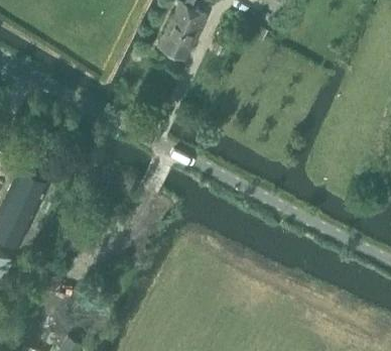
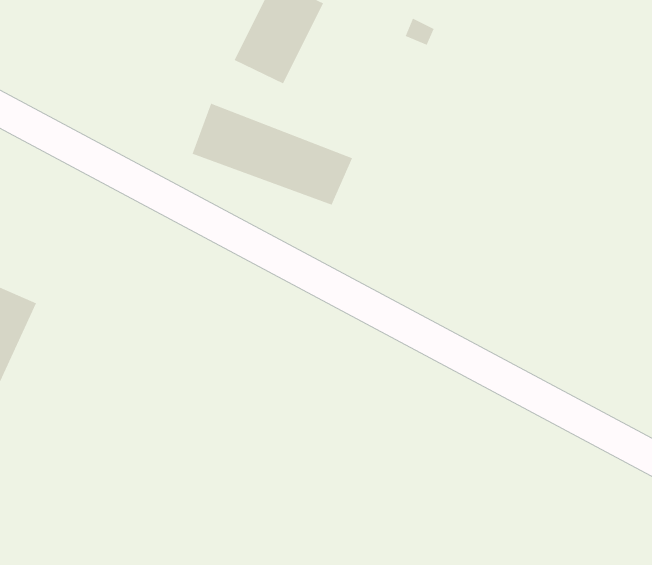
building: none -> [192,103,353,206]

